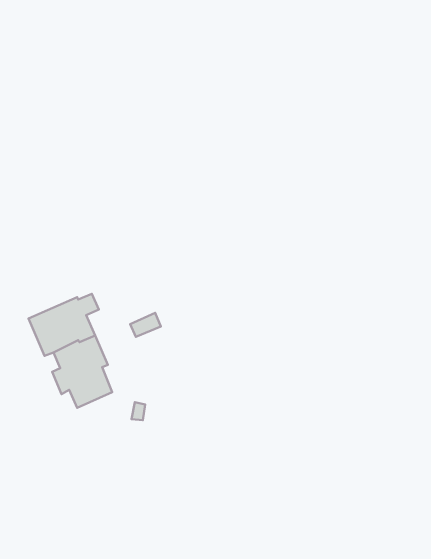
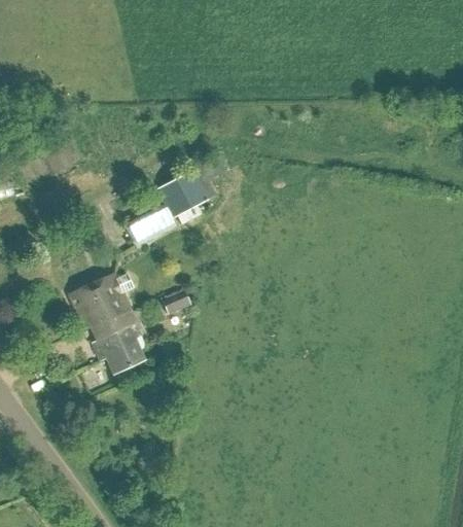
building: none -> [128,165,214,244]

